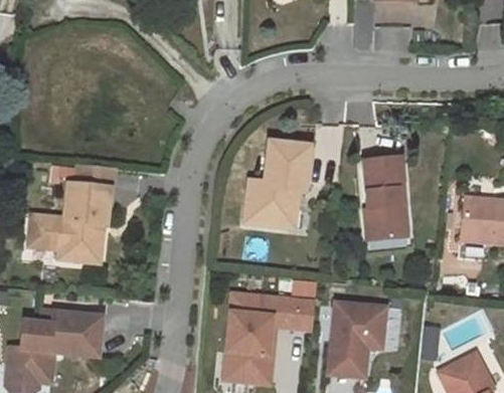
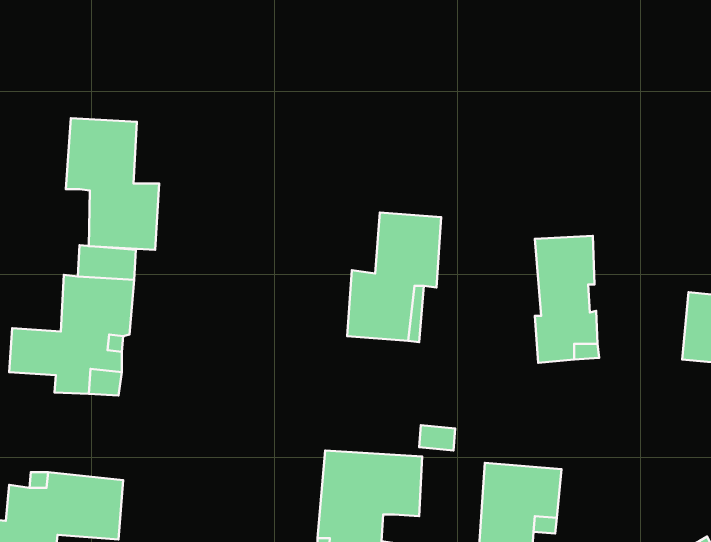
building: none -> [66,118,159,250]
building: [292,301,315,340] -> none

